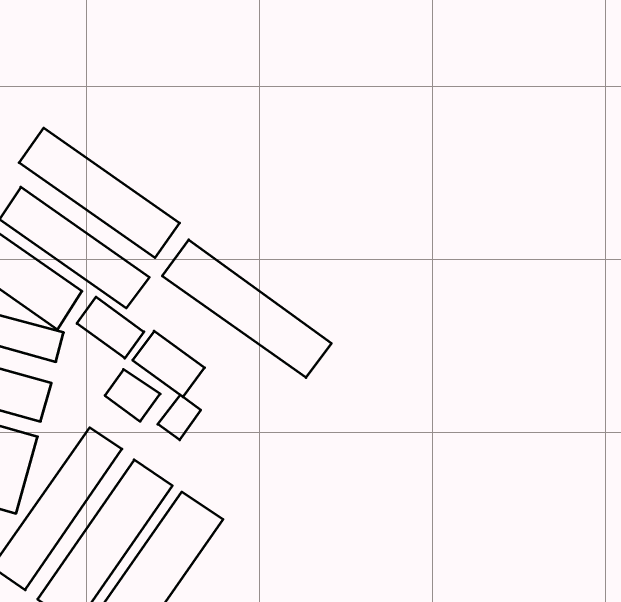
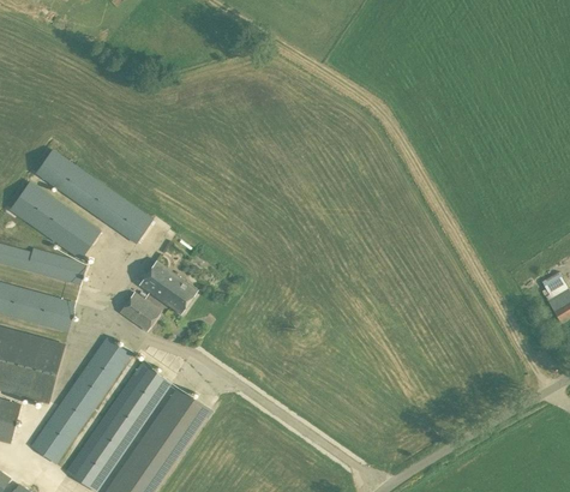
building: [19,128,180,258] -> none
building: [162,240,331,378] -> none
building: [77,297,144,358] -> none
building: [158,395,201,440] -> none

